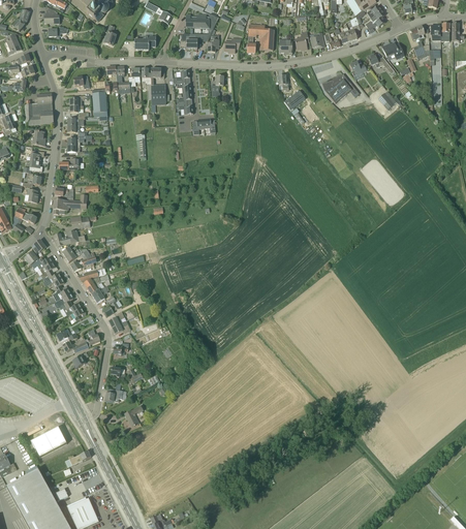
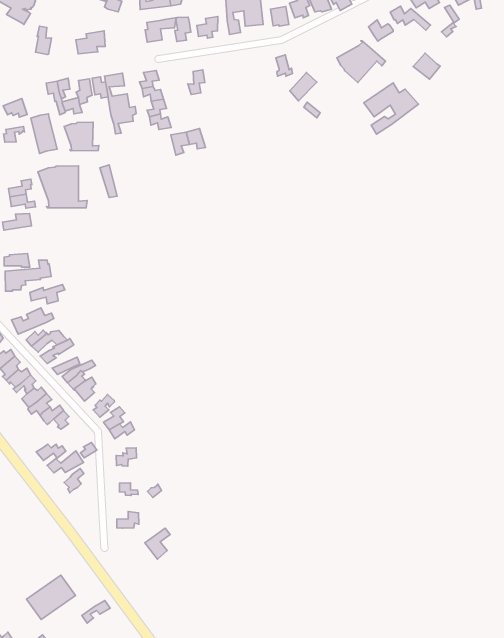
building: none -> [64,122,99,151]
building: none -> [364,83,418,134]
building: none -> [38,166,87,208]

